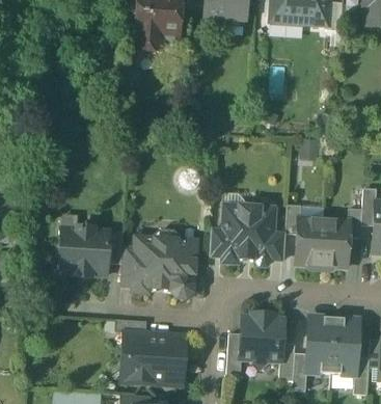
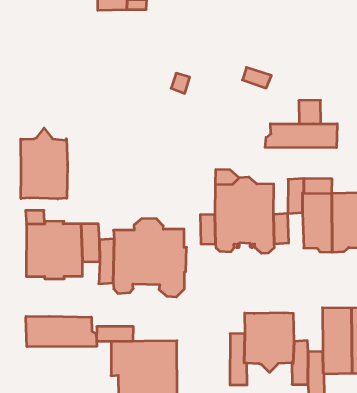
building: none -> [21,128,67,199]
building: none -> [265,124,337,148]
building: none -> [26,316,97,347]

